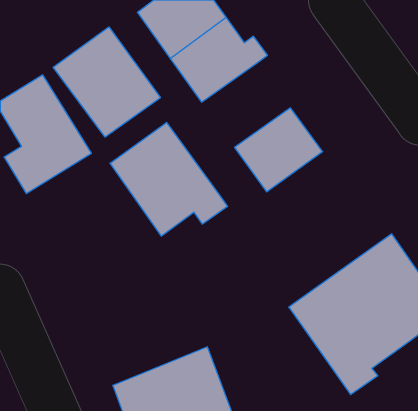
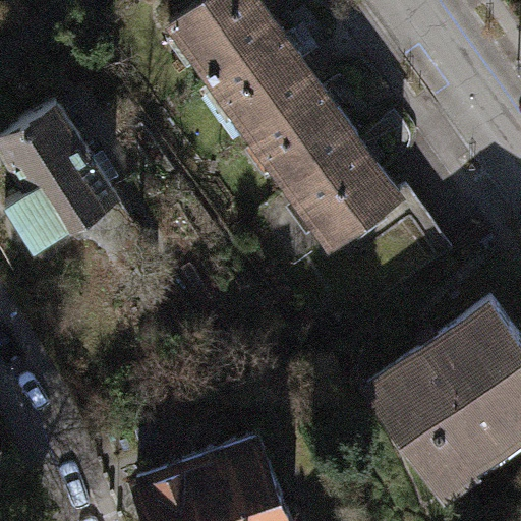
building: [53,27,160,137] -> none
building: none -> [252,89,362,194]
building: [110,122,227,236] -> none

